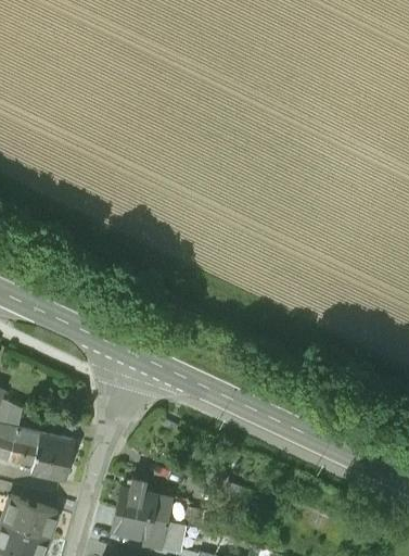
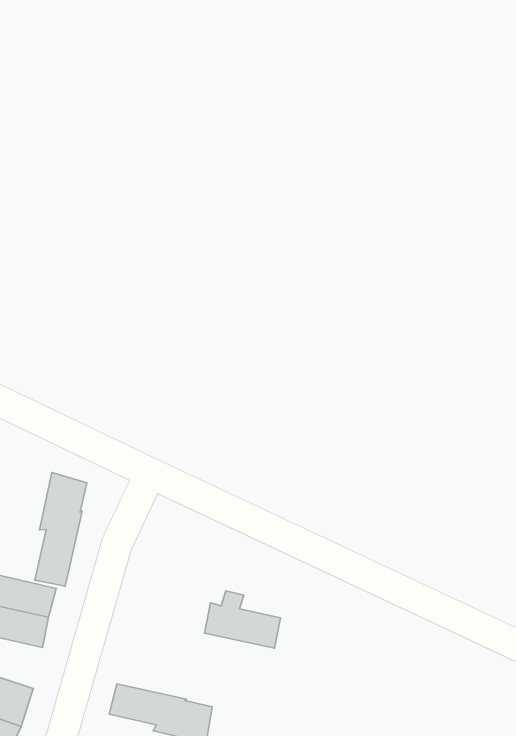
building: none -> [35,473,87,586]
building: [117,479,171,520] -> [205,591,280,648]

